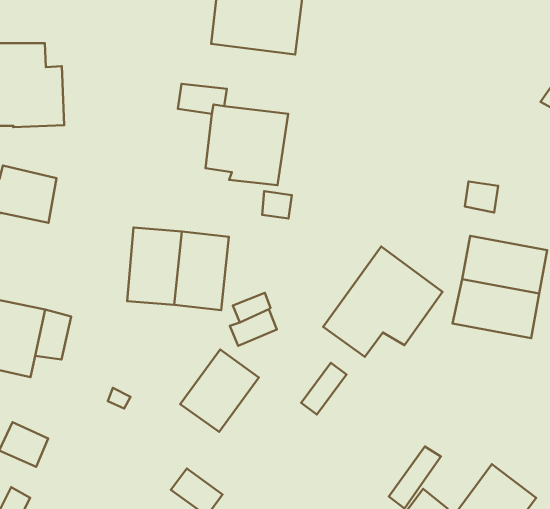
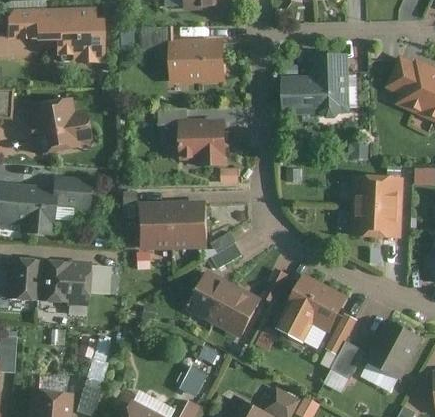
building: none -> [283,53,351,113]
building: [323,246,443,357] -> [275,273,347,344]
building: none -> [214,286,262,338]

